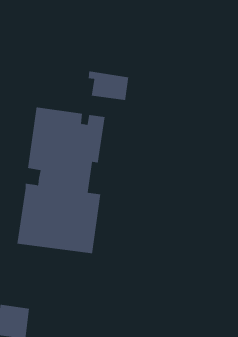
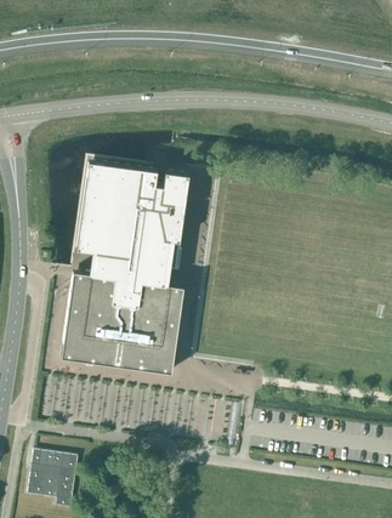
building: [88,71,129,101] -> none

